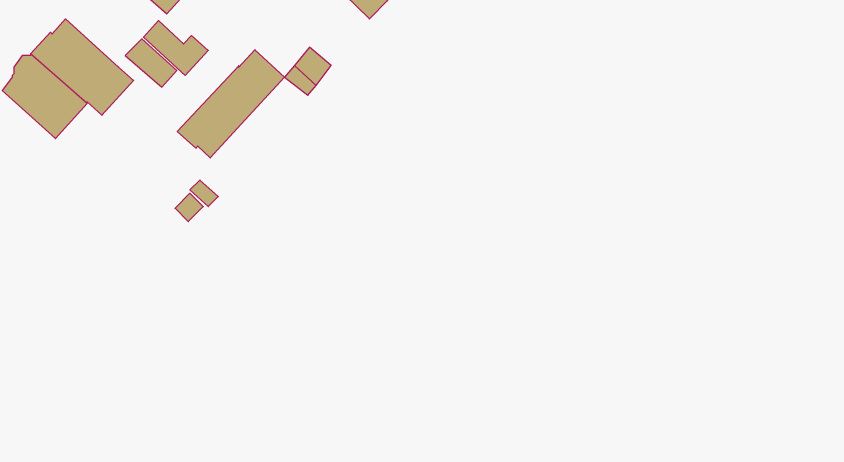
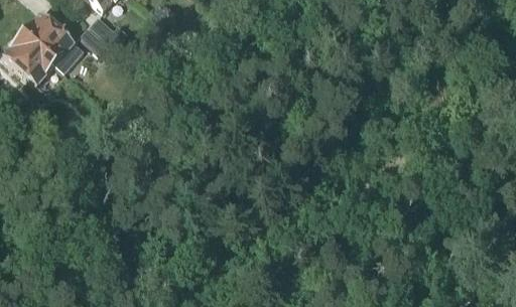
building: [177,50,285,158] -> none

